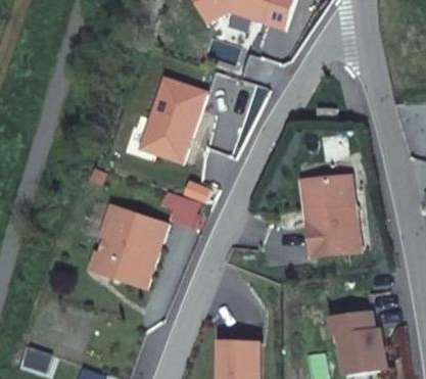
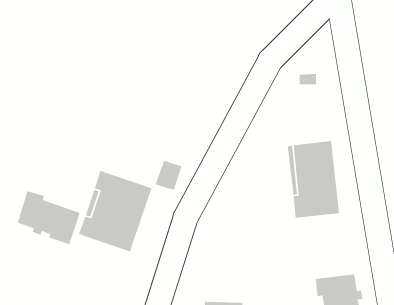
building: [143,77,204,158] -> none
building: none -> [17,190,81,245]

